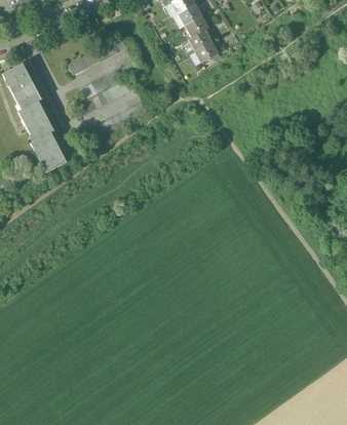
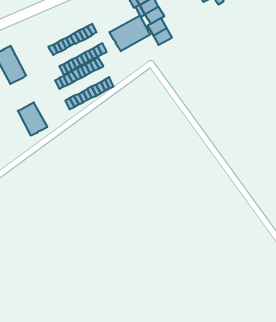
building: none -> [109,16,150,51]
building: [18,101,53,141] -> none

